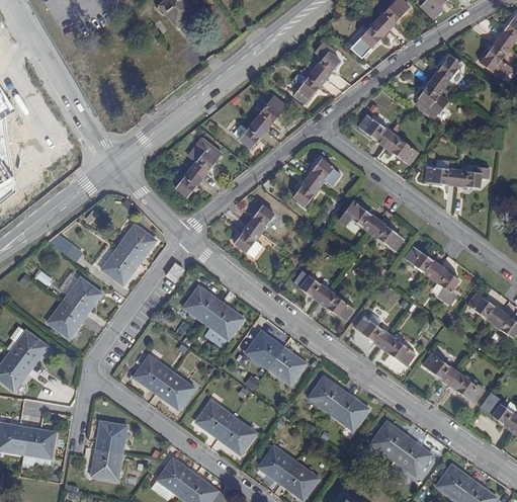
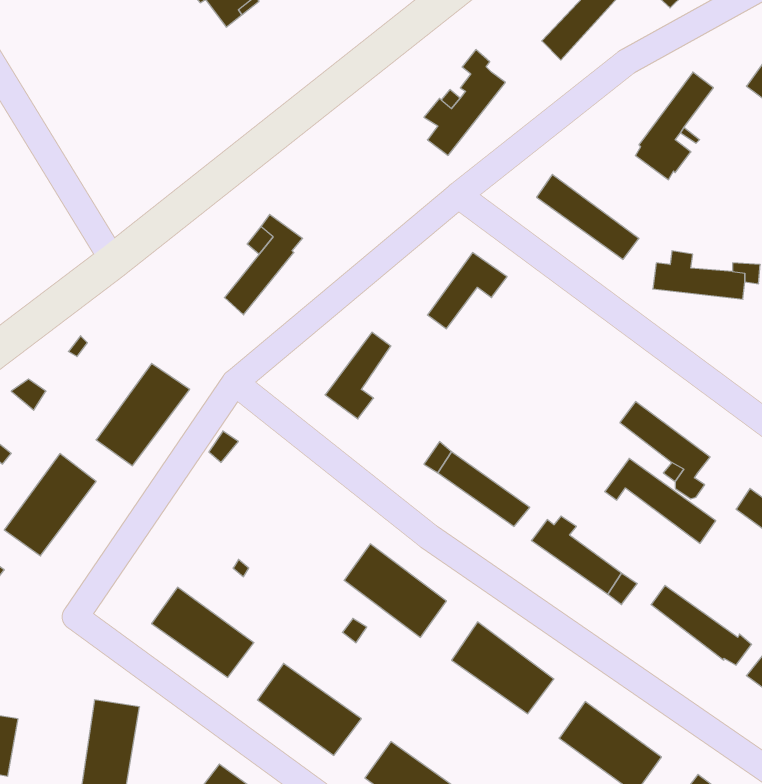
building: [234,96,285,148] -> none
building: [339,201,404,251] -> [605,458,716,543]
building: [183,286,243,346] -> none

